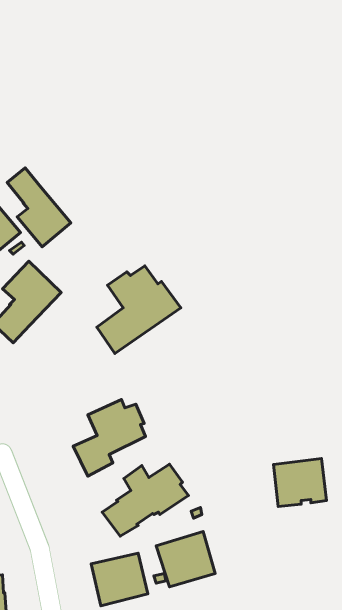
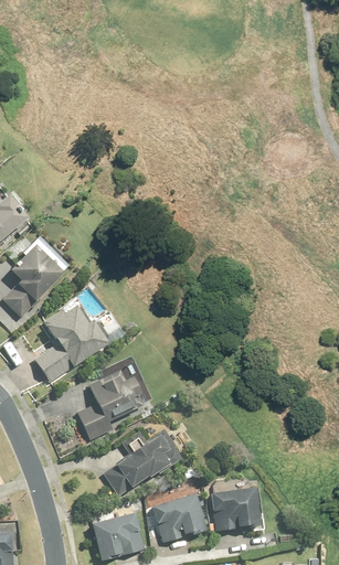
building: [7,168,71,247] -> none
building: [97,266,181,354] -> [33,302,110,383]
building: [273,459,326,507] -> [212,486,261,530]

